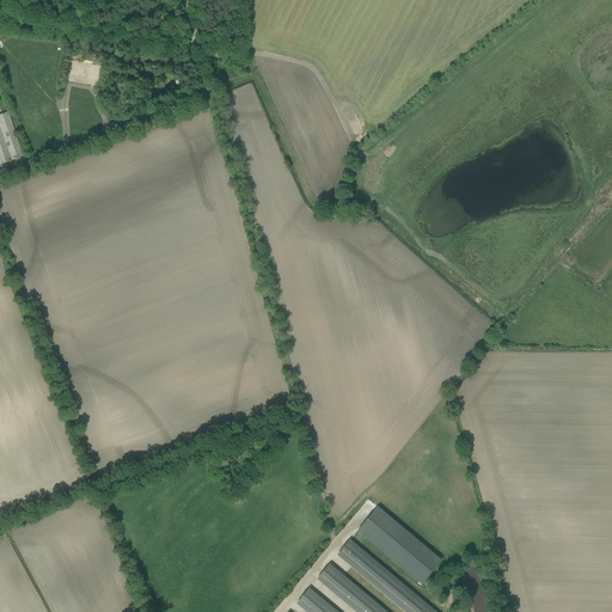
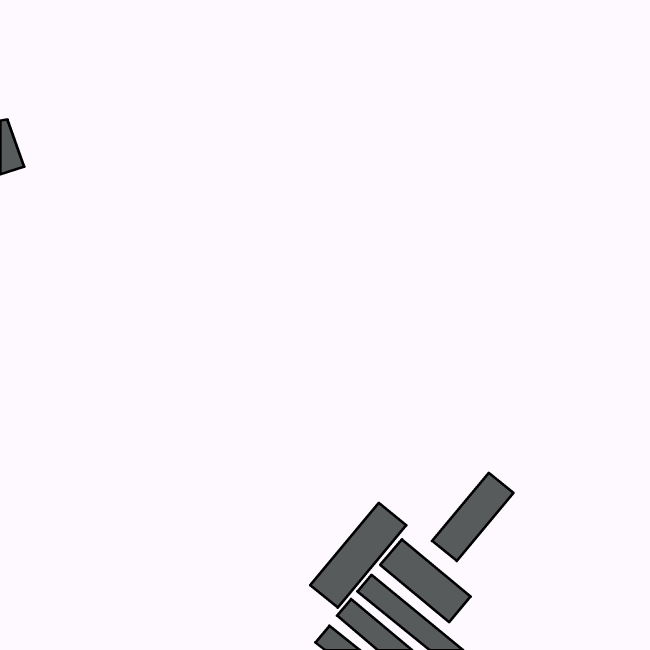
building: none -> [432,473,513,561]
building: none -> [310,503,406,608]

